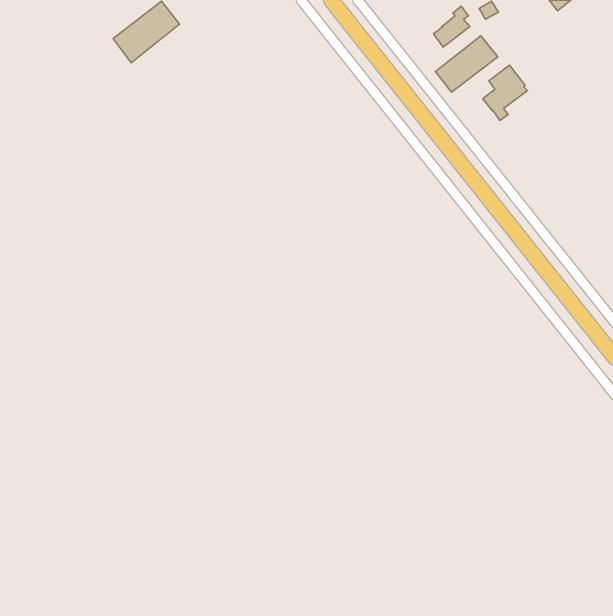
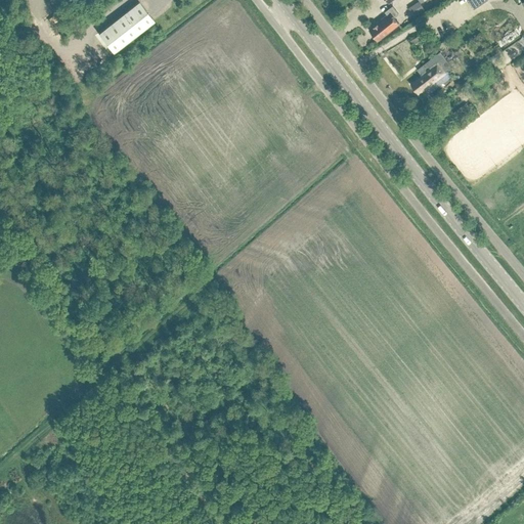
building: [436,36,498,92] -> none

